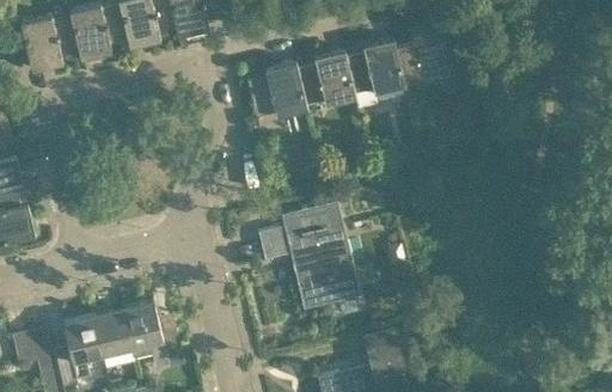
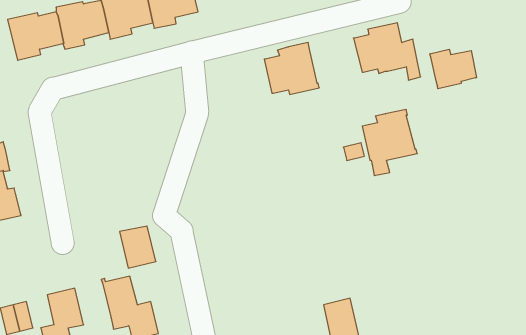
building: [348,38,408,110] -> [362,110,417,176]
building: none -> [430,49,476,89]
building: [247,61,310,116] -> none
building: [259,206,356,304] -> none
building: [93,310,133,355] -> [120,226,156,268]

